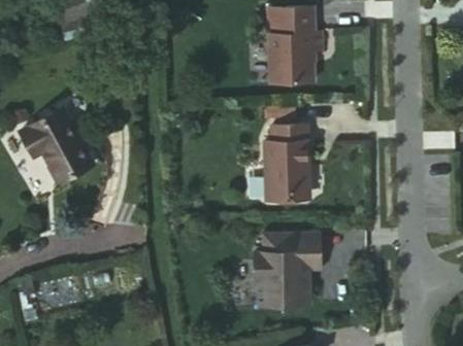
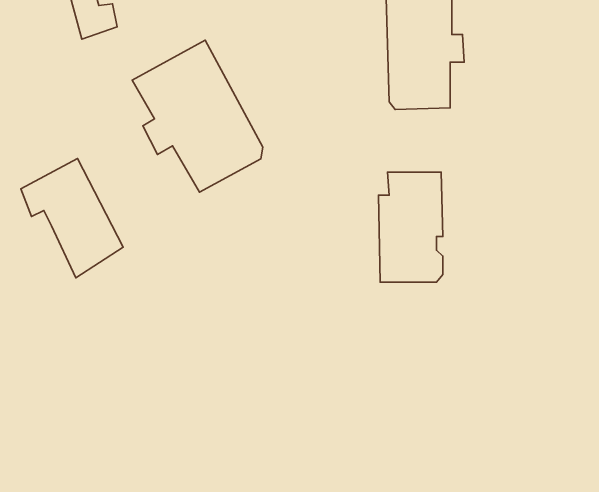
building: none -> [132,40,263,192]
building: [254,232,320,304] -> none

